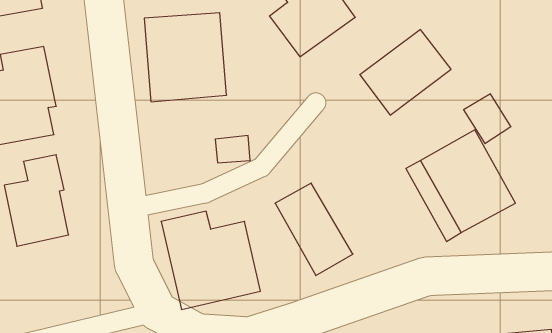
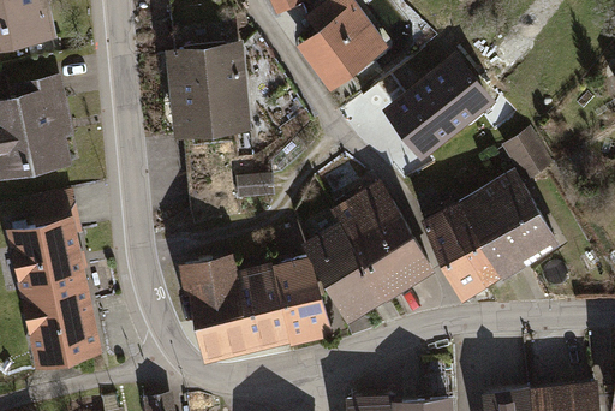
building: none -> [333,180,432,299]
building: none -> [420,208,485,297]
building: none -> [270,256,322,339]
building: none -> [28,279,98,361]

